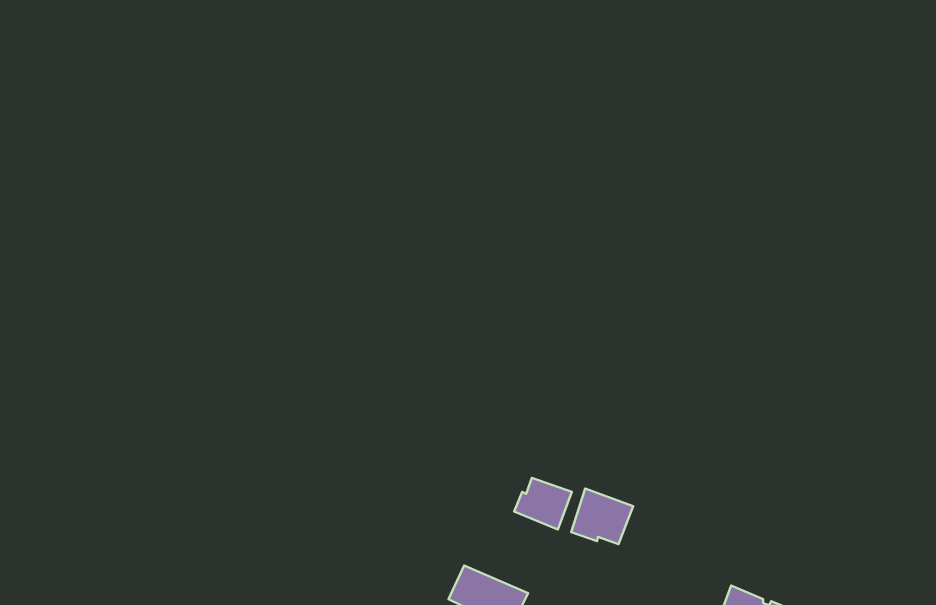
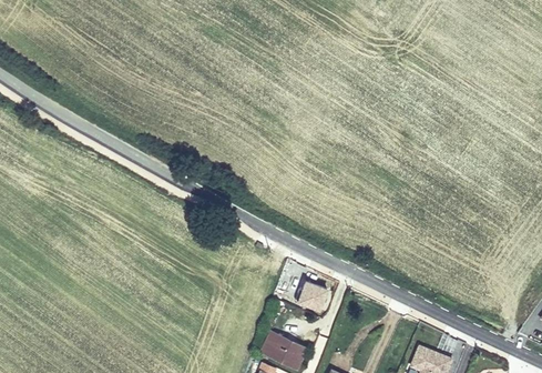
building: [571,488,633,544] -> none

